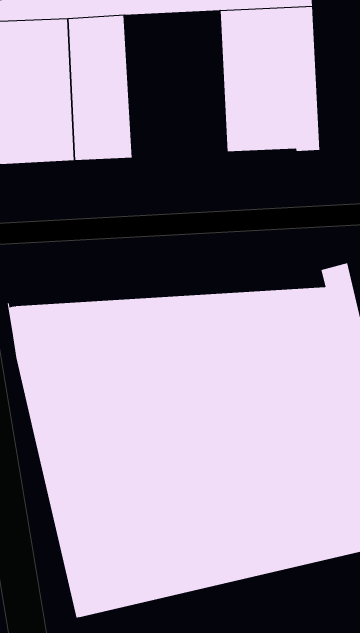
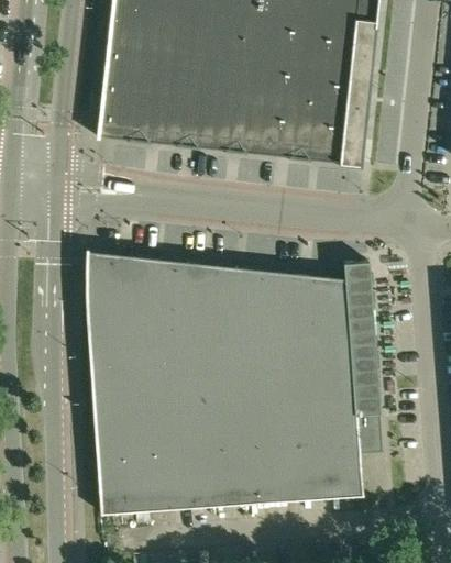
building: none -> [207,31,297,155]

